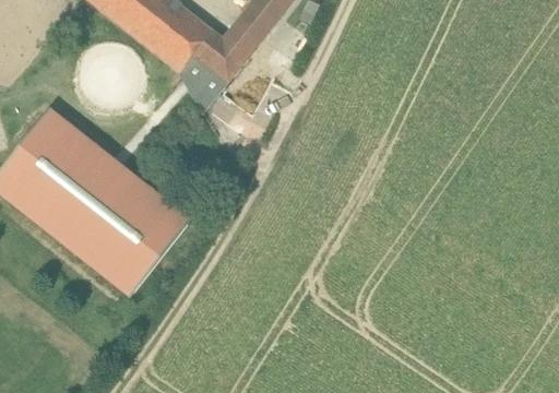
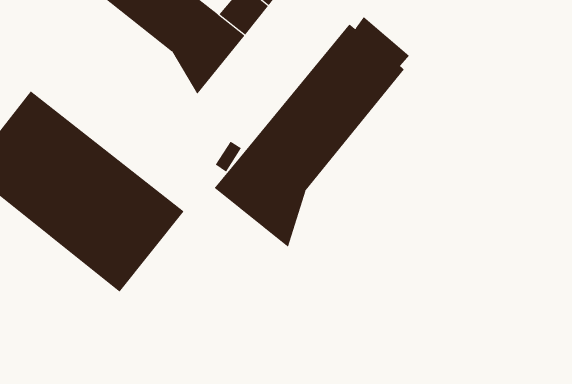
building: none -> [214,16,410,248]

